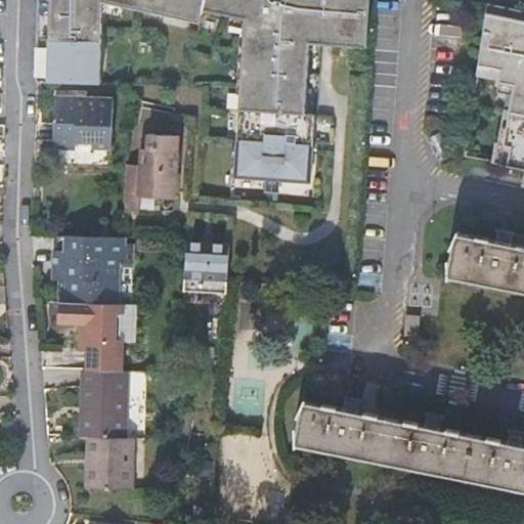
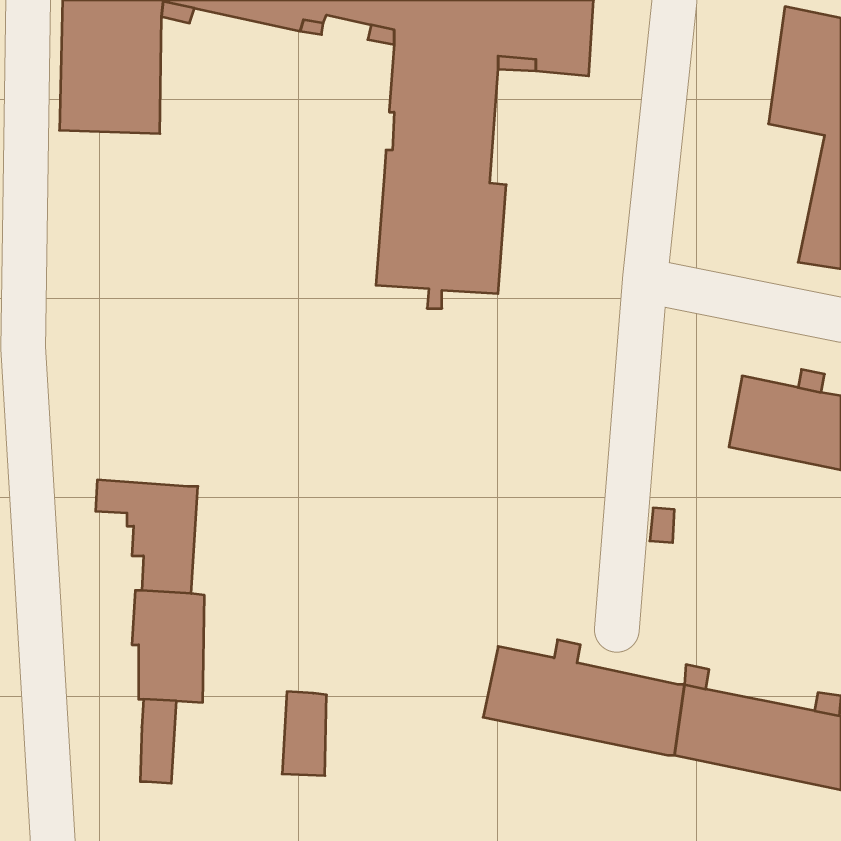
building: [53,94,113,145] -> none
building: [124,134,178,212] -> none
building: [51,232,137,303] -> none
building: [184,242,231,294] -> none
building: [106,436,134,488] -> [282,692,327,776]

